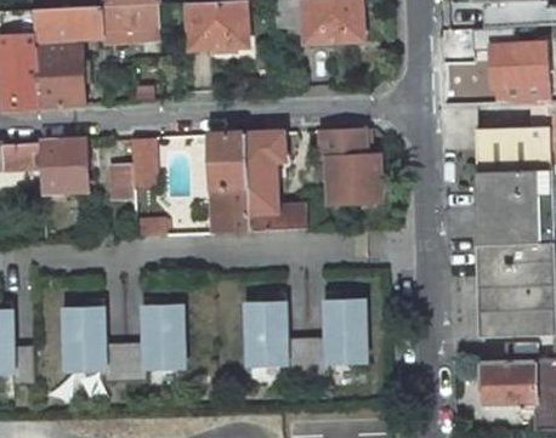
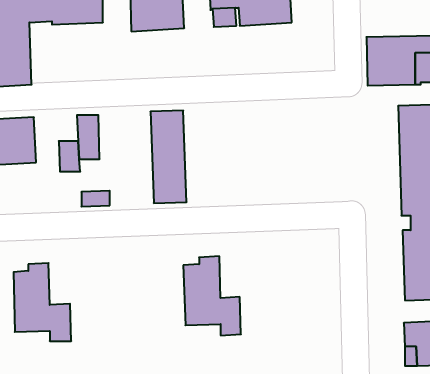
building: [319,129,380,204] -> none
building: [244,132,305,232] -> none
building: [305,288,365,374] -> none
building: [123,295,182,381] -> none

